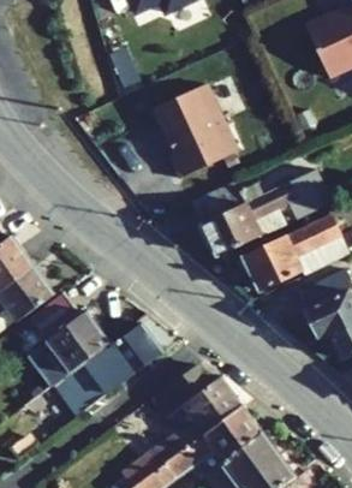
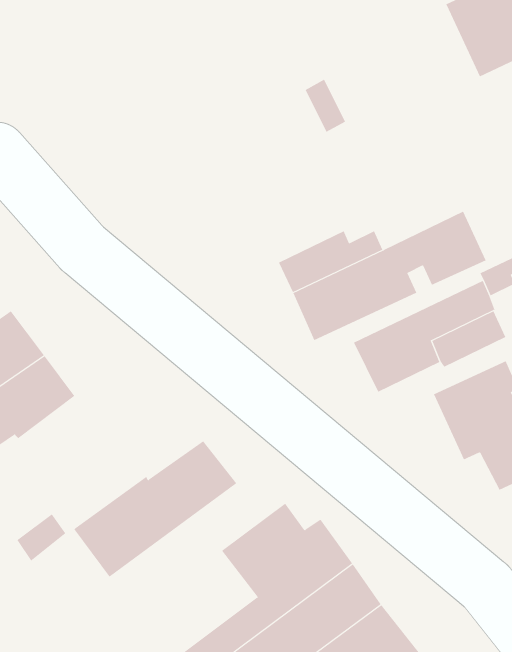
building: [154,84,239,178] -> none
building: [30,292,109,382] -> none

